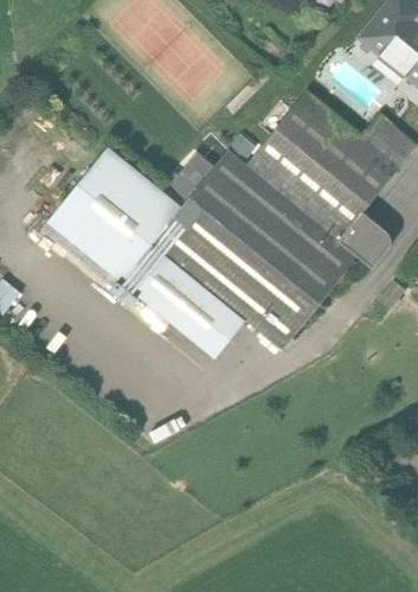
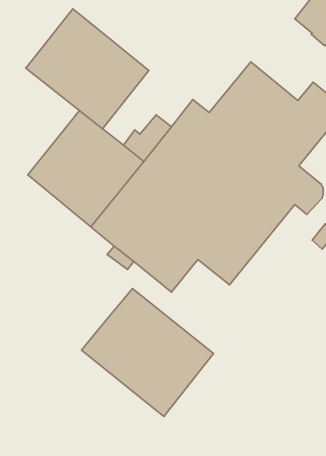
building: none -> [26,9,149,129]
building: none -> [81,288,214,416]

